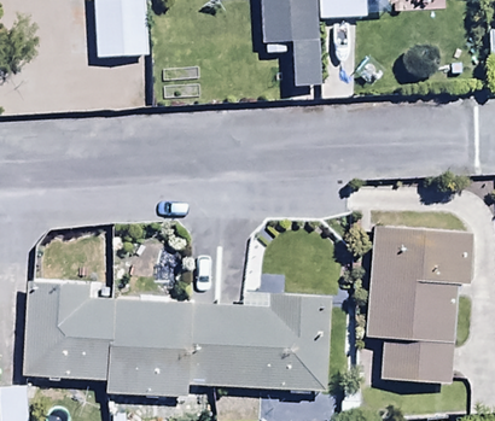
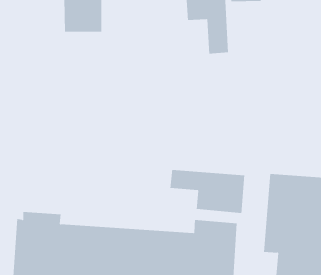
building: none -> [170,169,245,214]

